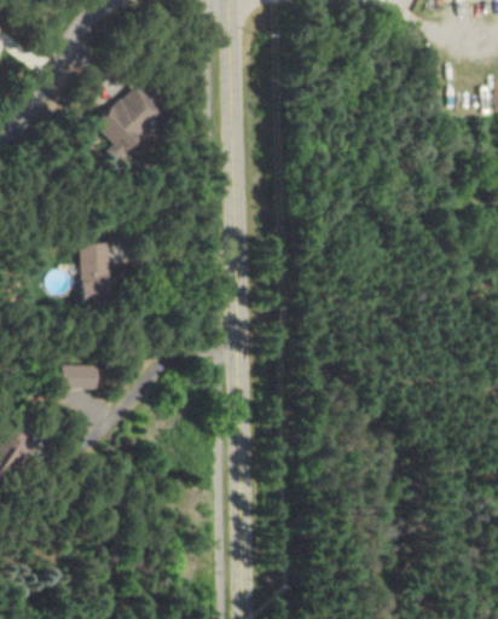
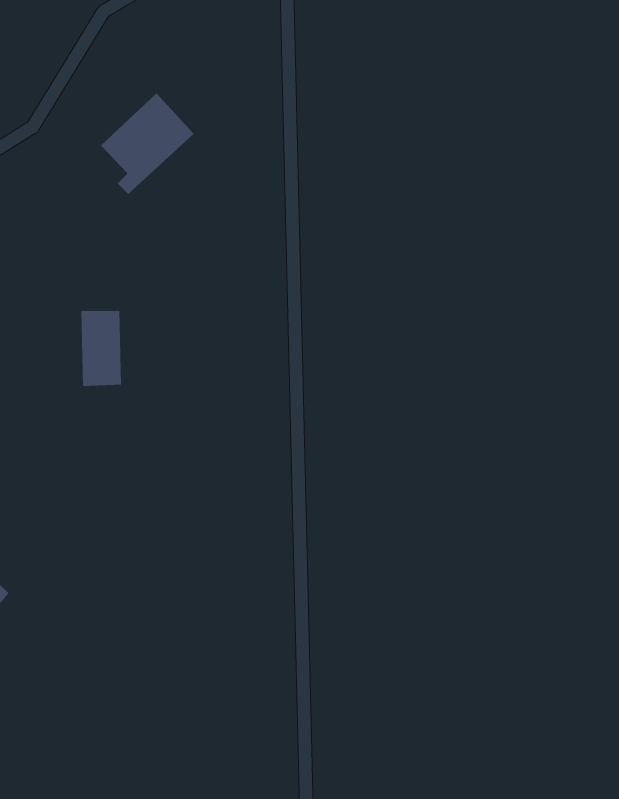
building: [62,365,100,388] -> none

